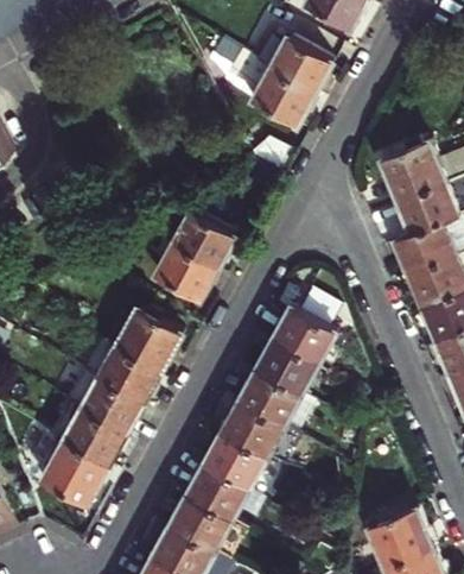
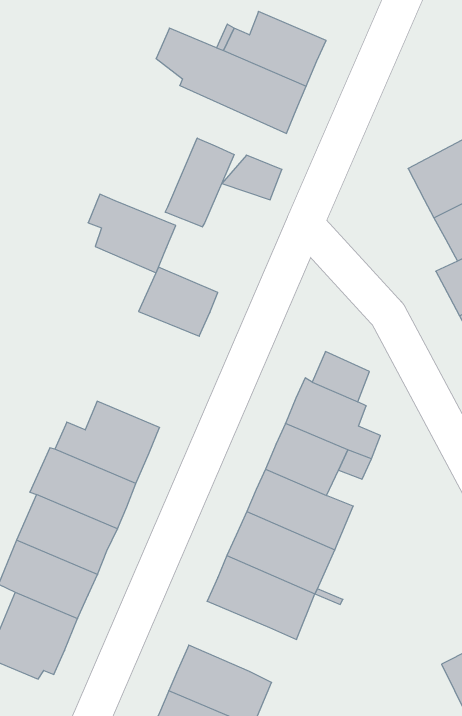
building: none -> [165,138,234,227]
building: [152,240,216,302] -> [88,194,176,273]
building: [186,463,247,518] -> none

